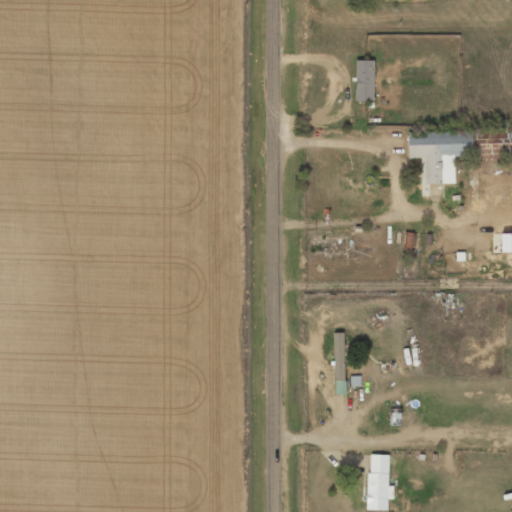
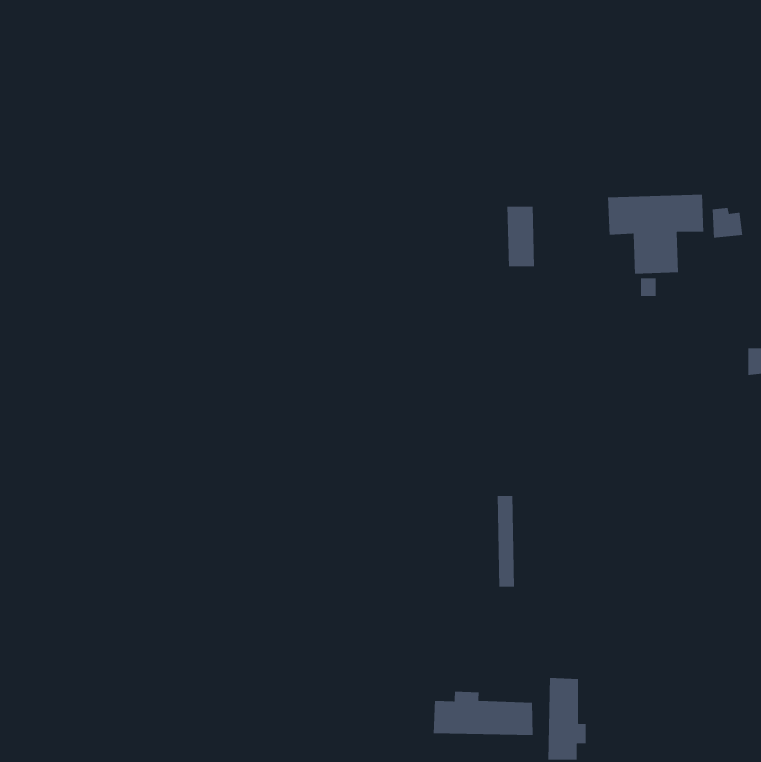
building: [356,60,375,101] -> [507,206,535,267]
building: none -> [433,691,534,736]

